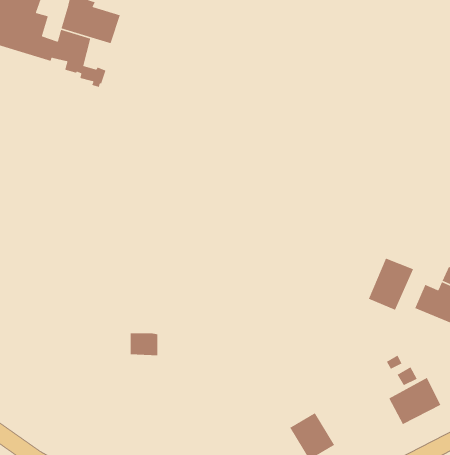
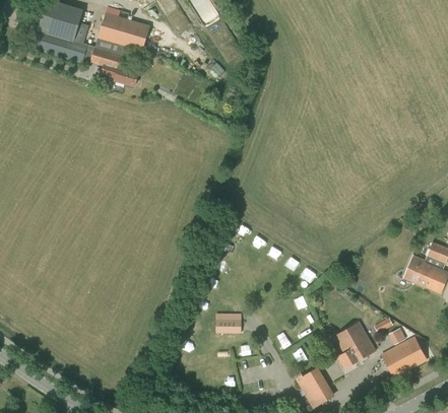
building: [368,257,414,311] -> none
building: [130,333,158,356] -> [216,313,241,333]
building: none -> [334,322,375,368]

